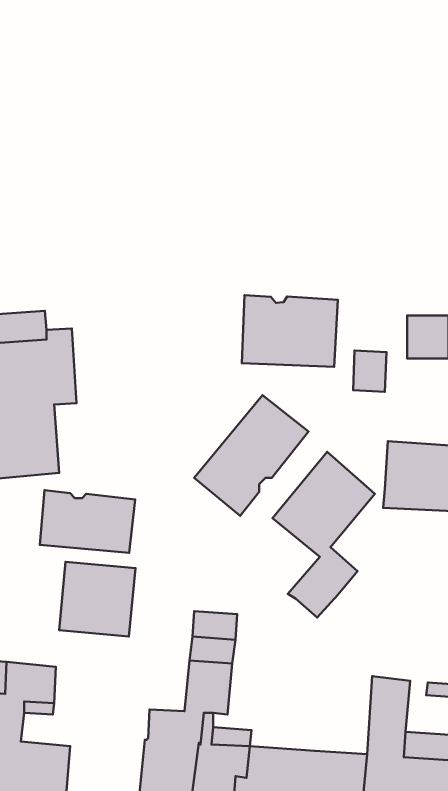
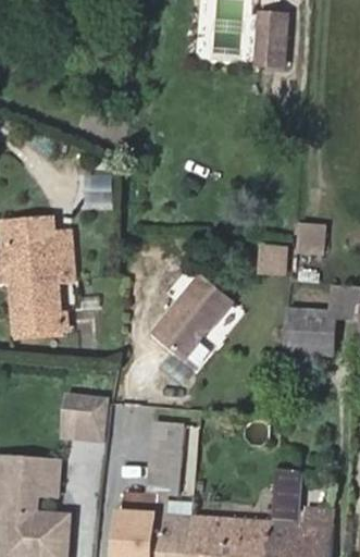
building: none -> [256,14,286,66]
building: [242,295,338,367] -> none
building: [272,452,375,618] -> none
building: [40,490,135,553] -> none

